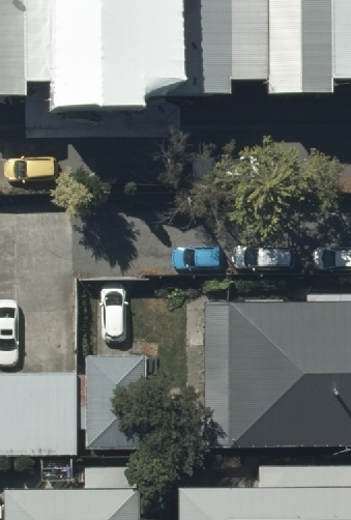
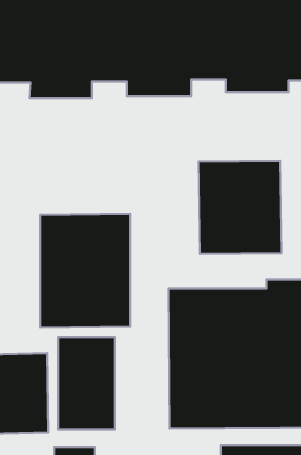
building: none -> [198,161,282,254]
building: none -> [40,214,130,328]

